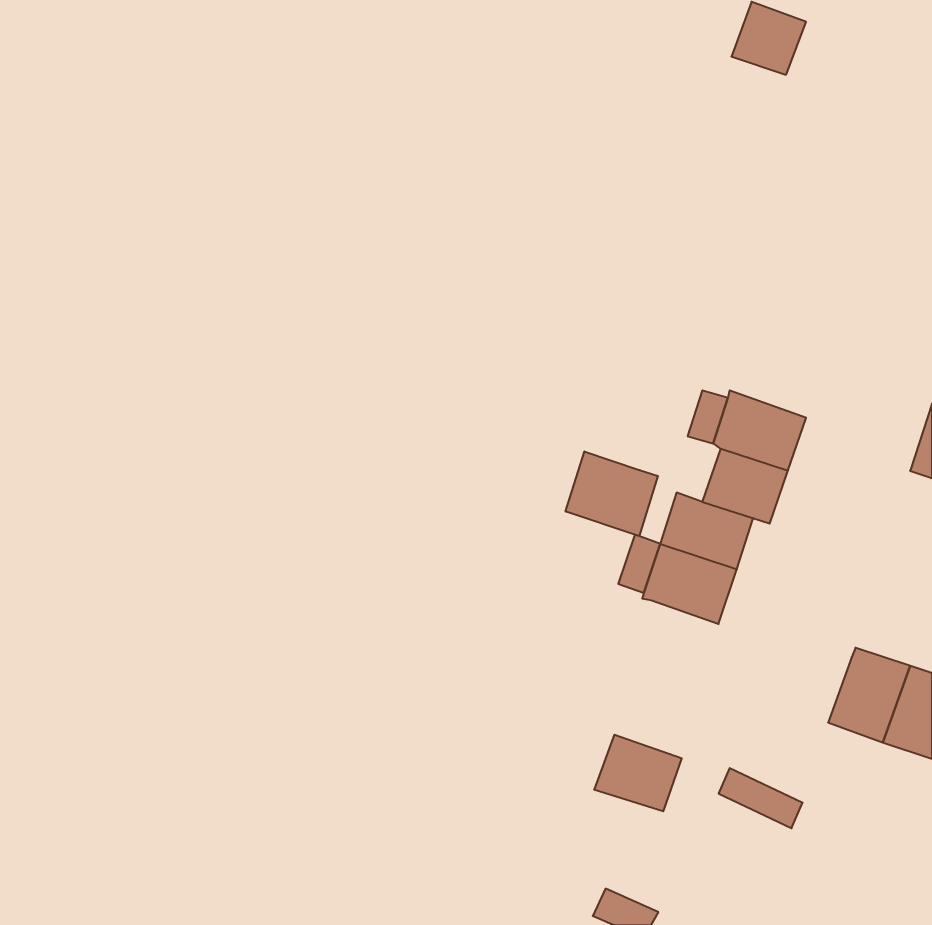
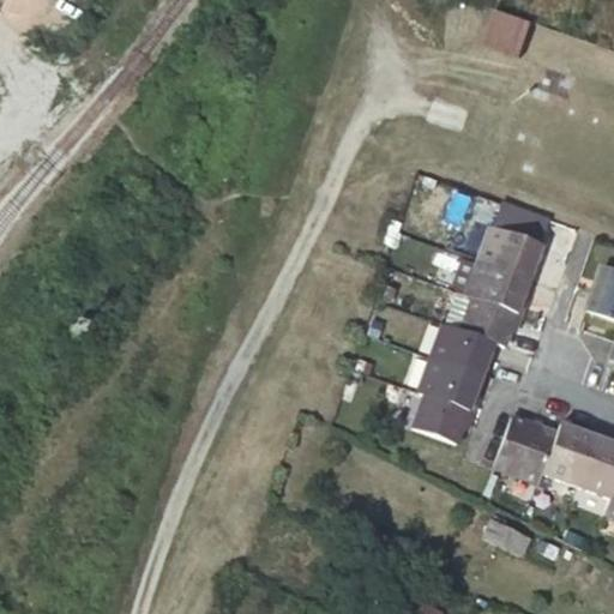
building: none -> [480,198,549,275]
building: [566,451,658,536] -> none
building: none -> [498,416,560,484]
building: [594,735,682,811] -> [415,395,472,445]

